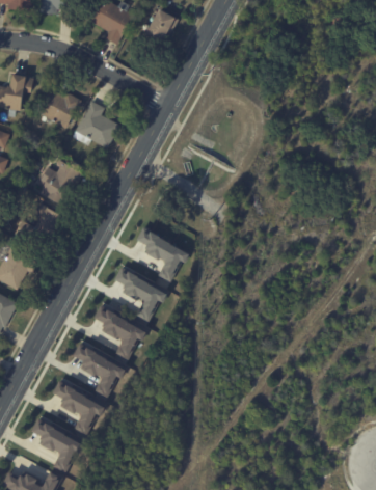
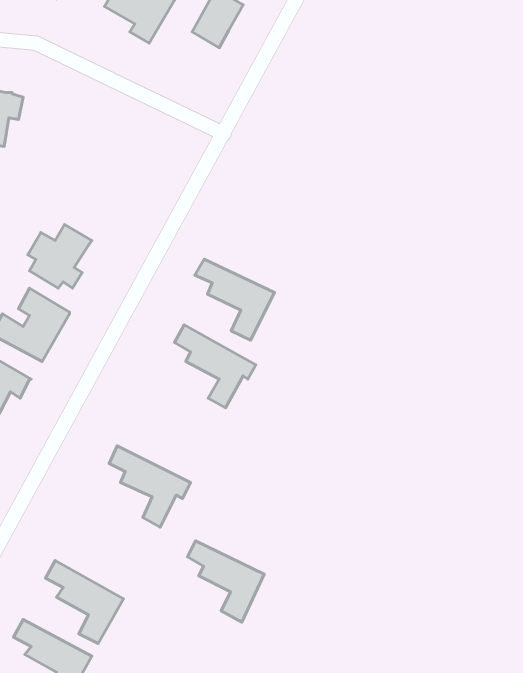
building: [37,88,82,128] -> none
building: [72,100,120,147] -> none
building: [111,268,163,321] -> [195,259,274,340]
building: [71,344,120,397] -> [188,541,264,622]

